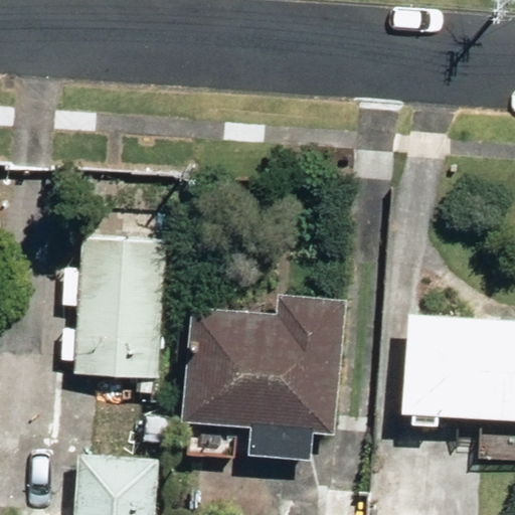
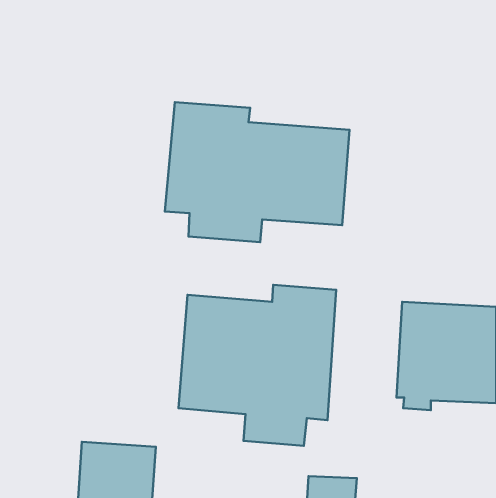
building: none -> [165,102,350,242]
building: [74,239,165,380] -> none

